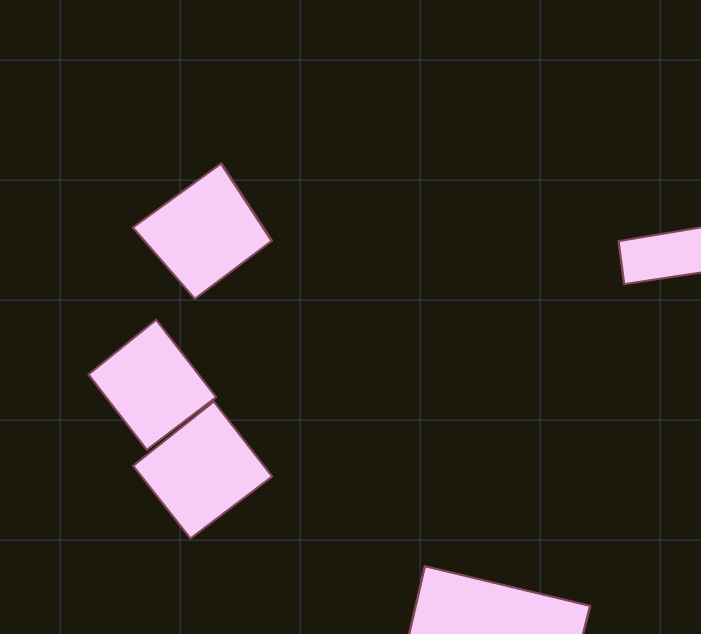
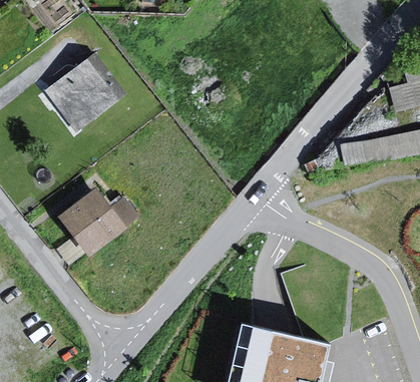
building: [133,164,272,299] -> [44,56,118,128]
building: [133,401,272,539] -> none

